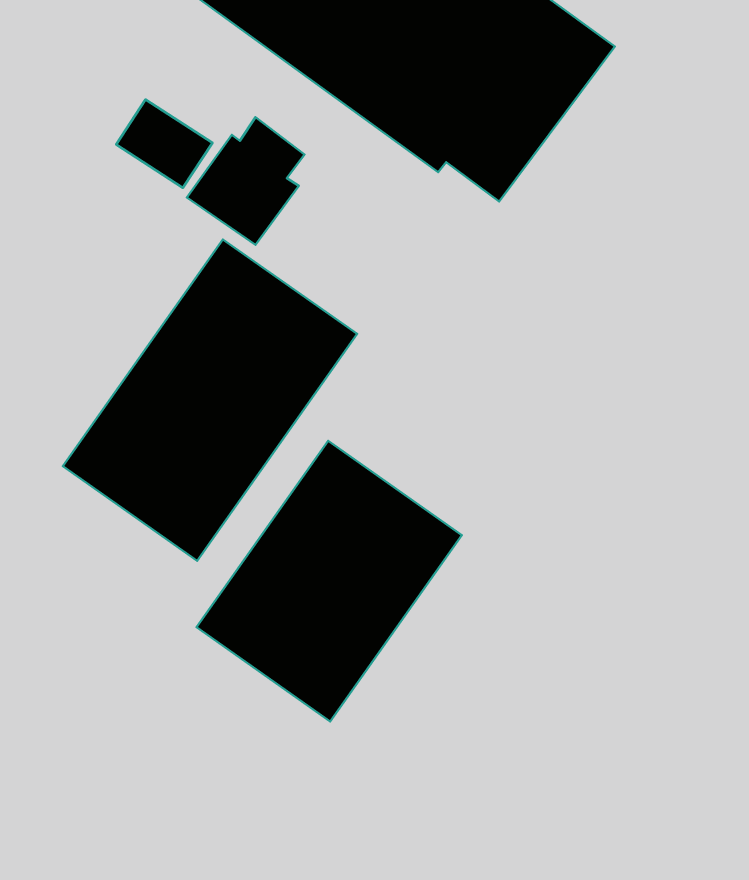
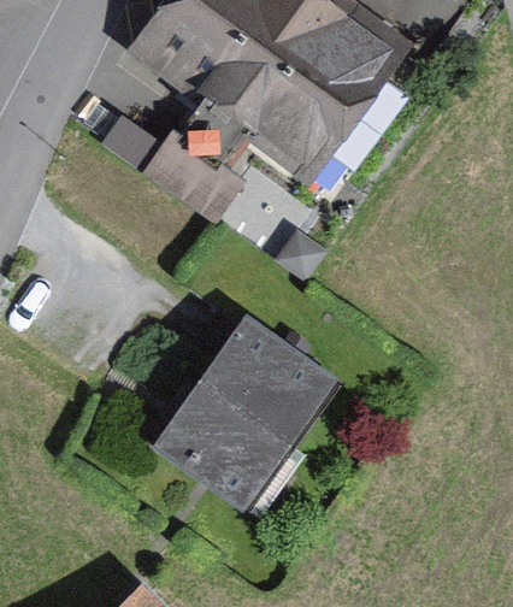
building: [63,239,357,561] -> none

